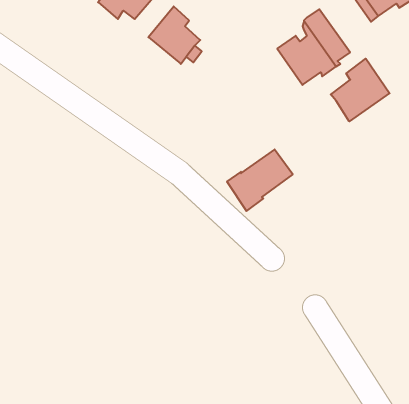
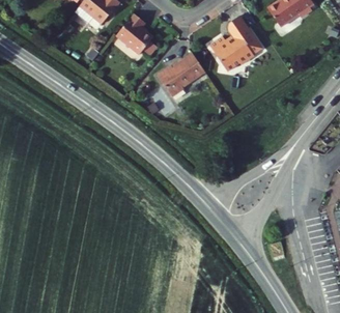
building: [331,59,390,121] -> none
building: [227,149,293,211] -> [158,53,206,98]

